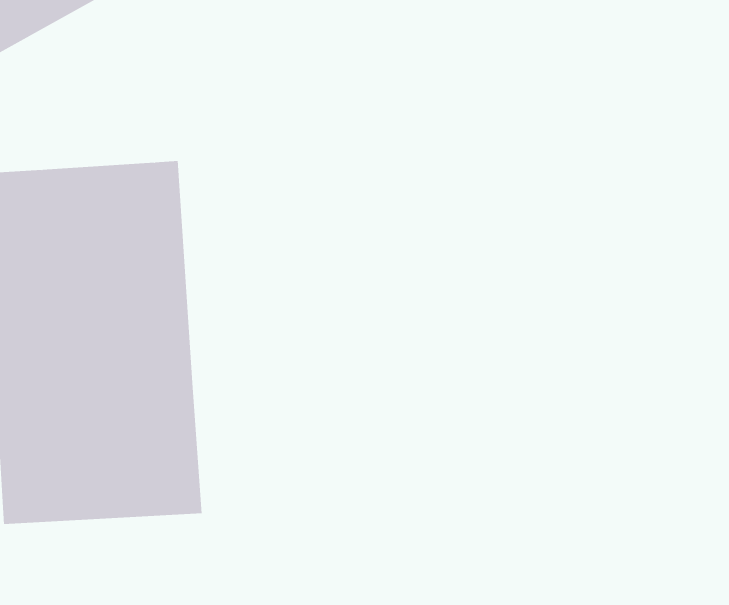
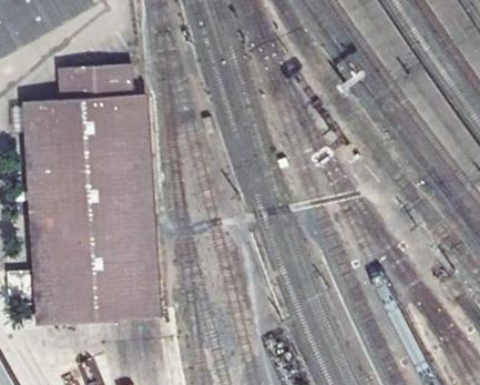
building: none -> [57,65,126,105]

